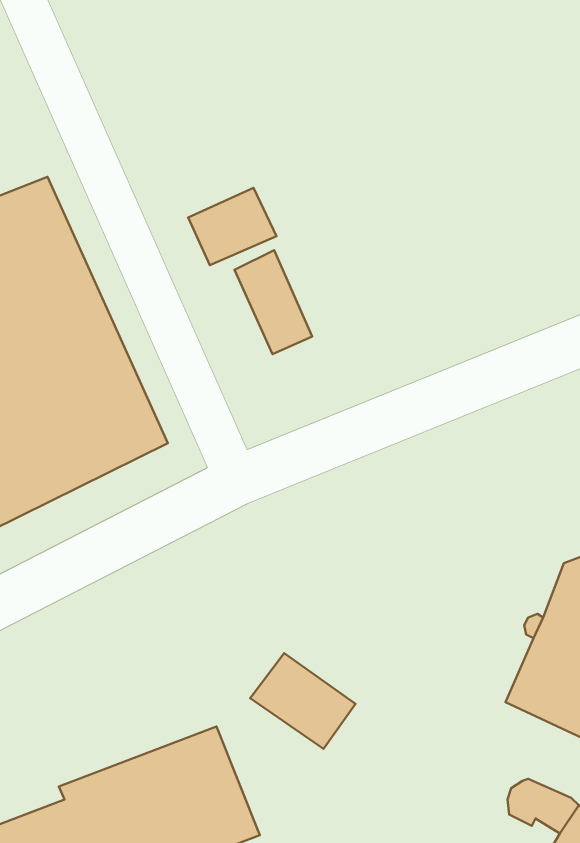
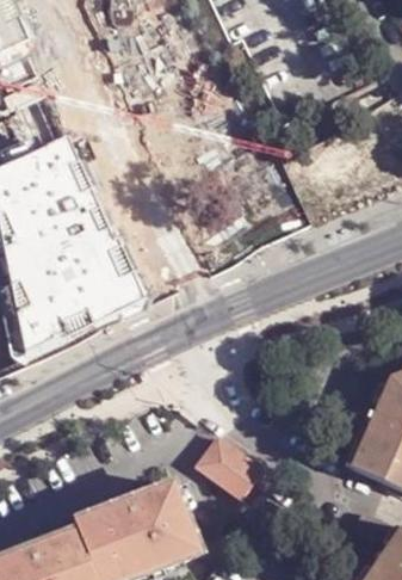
building: [188,188,277,265] -> none
building: [234,250,312,354] -> none

